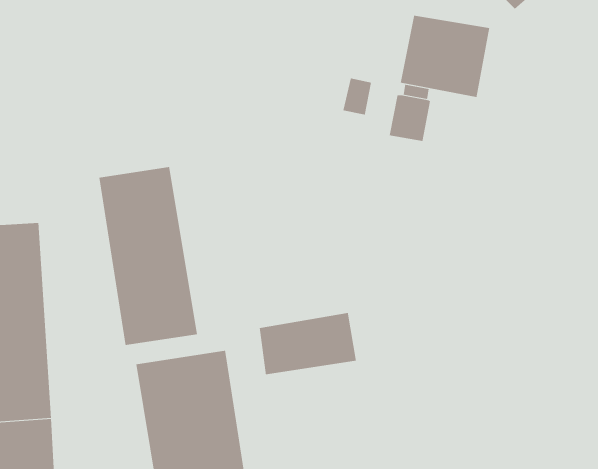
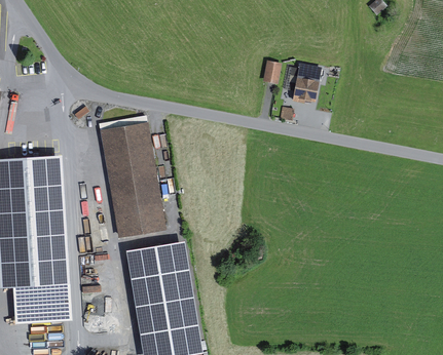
building: [400,15,490,98] -> none
building: [259,312,357,375] -> none

